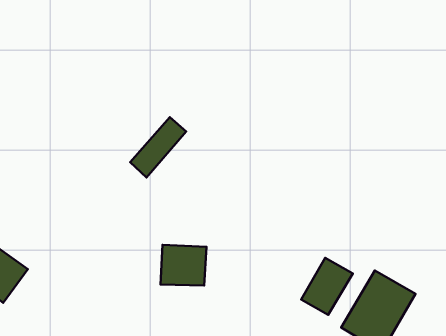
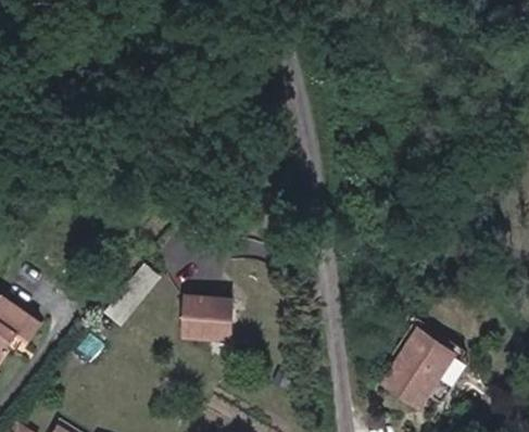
building: [130,117,186,177] -> [99,263,159,327]
building: [301,258,353,315] -> none

